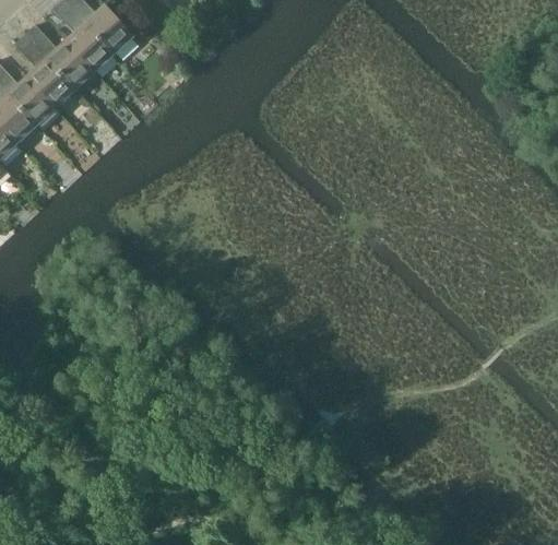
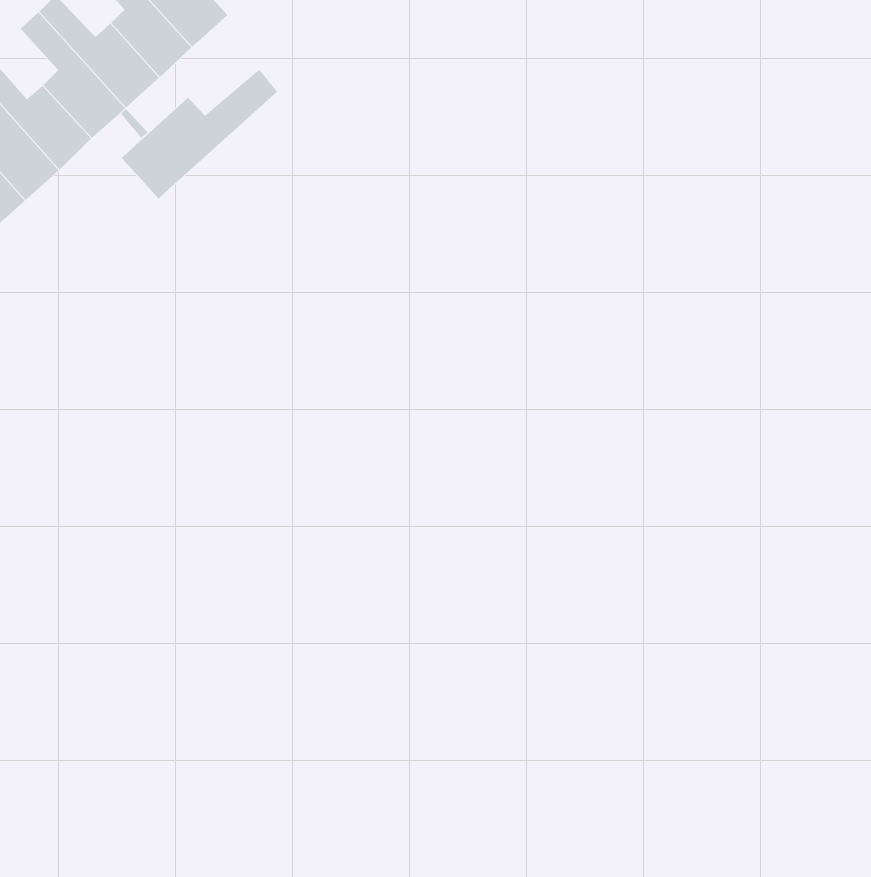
building: none -> [121,69,278,199]

